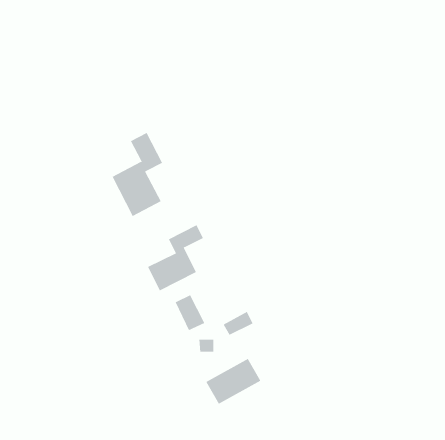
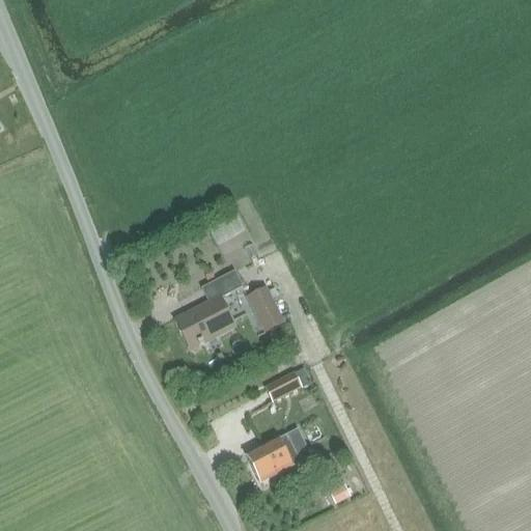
building: [112,132,163,217] -> none
building: [175,294,205,331] -> [247,286,283,330]

